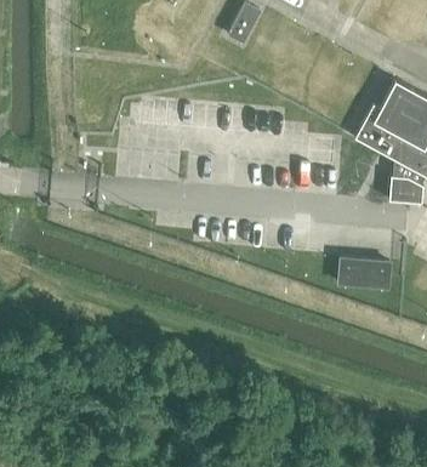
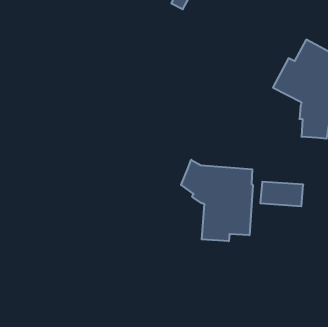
building: none -> [181,160,253,241]

